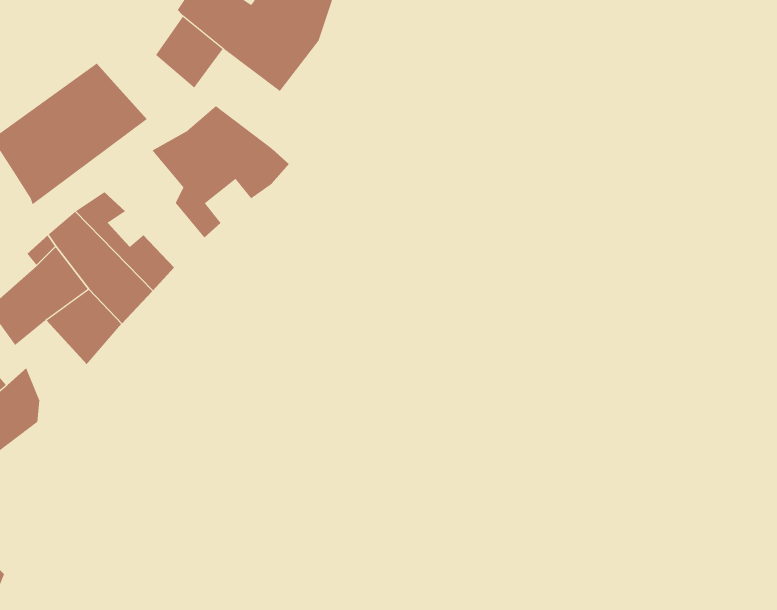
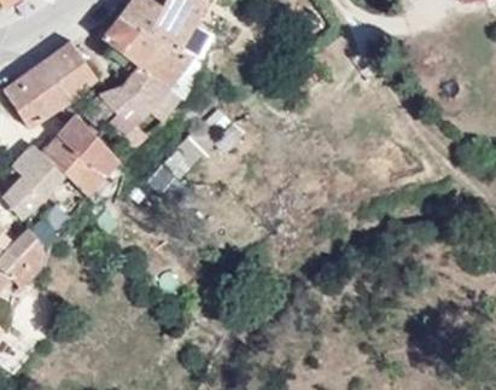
building: none -> [127,31,192,93]

